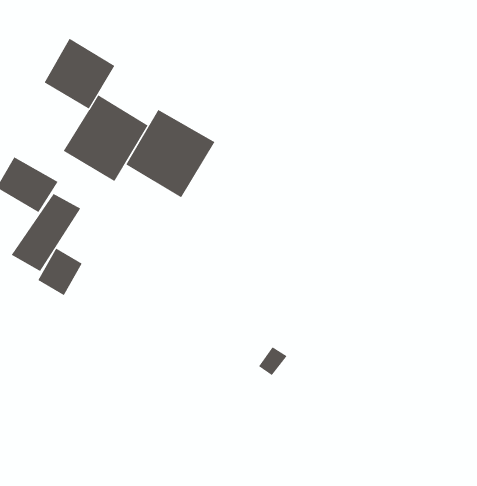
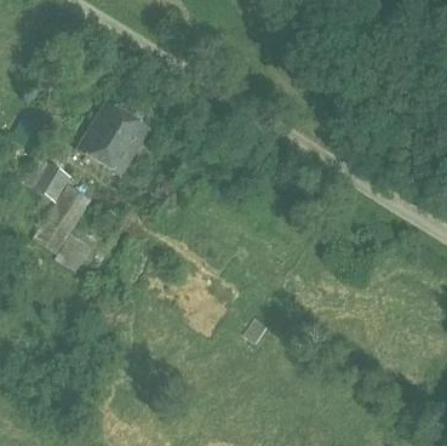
building: [44,38,115,110] -> none
building: [126,109,215,198] -> none

